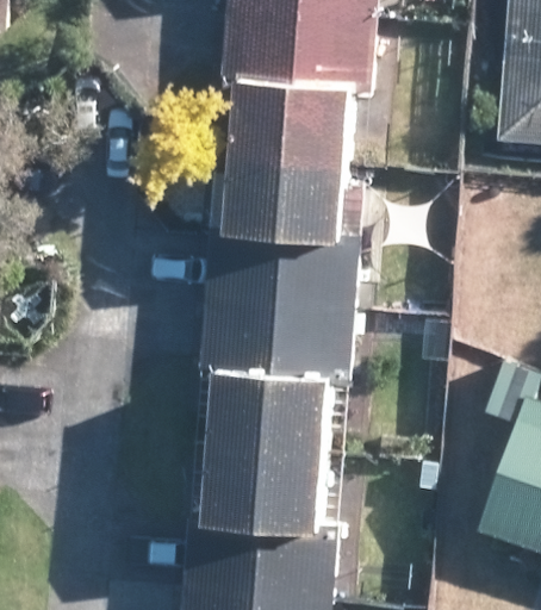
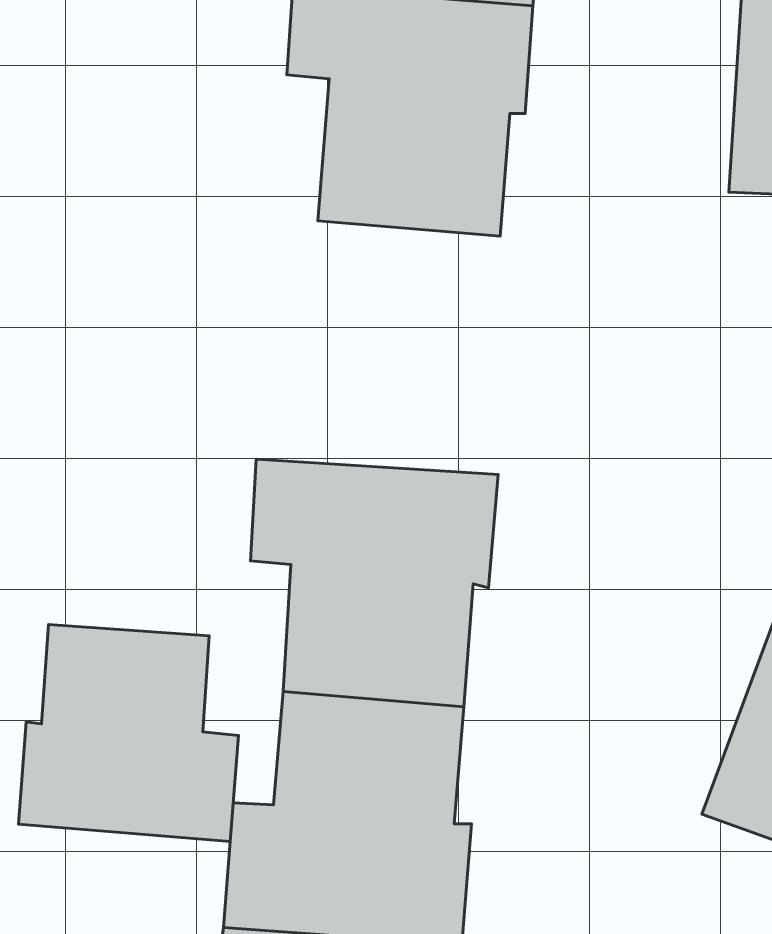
building: [201,147,356,304] -> none
building: none -> [19,625,238,841]

